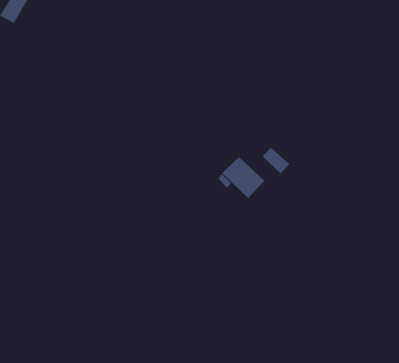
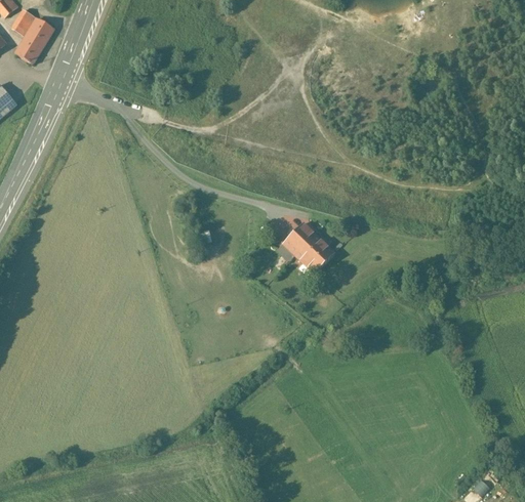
building: [262,147,290,174] -> none

